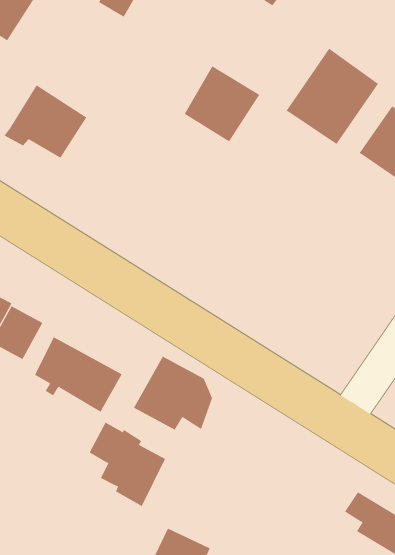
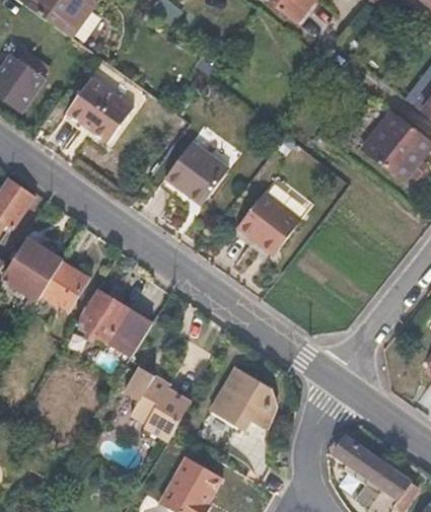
building: [286,48,379,145] -> none
building: [184,66,260,142] -> [167,138,233,204]
building: none -> [238,188,304,252]
building: [133,356,213,430] -> [207,368,275,433]

